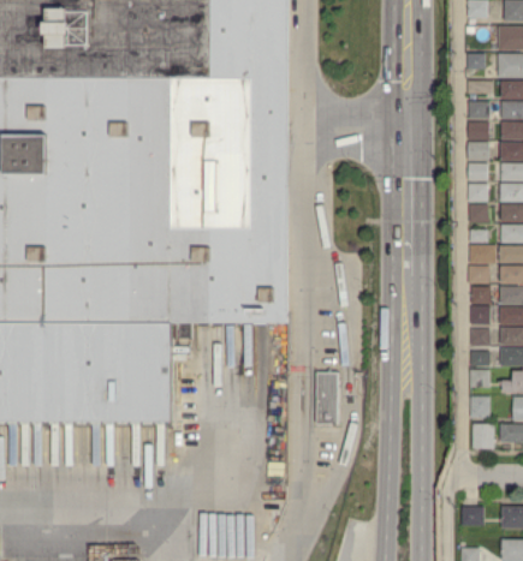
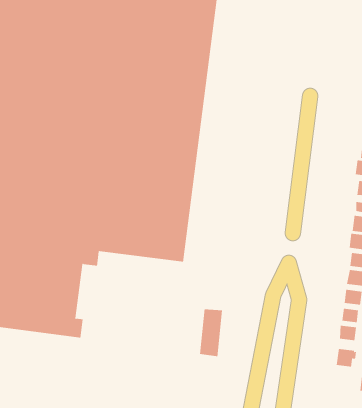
building: [474,424,497,448] -> none

